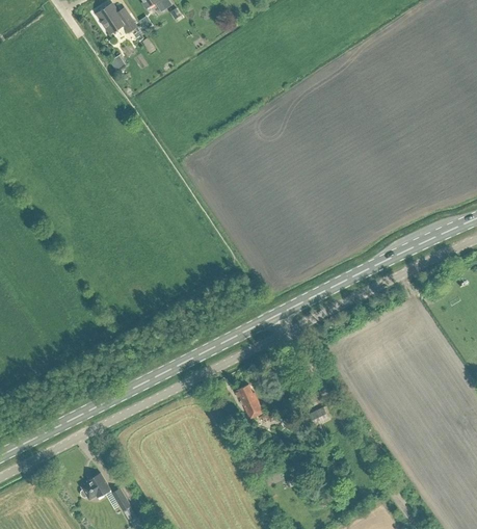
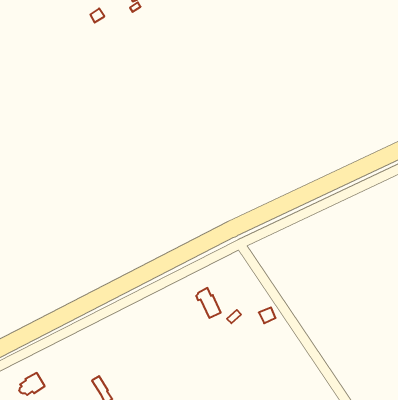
building: [80,472,110,498] -> [19,373,45,395]

